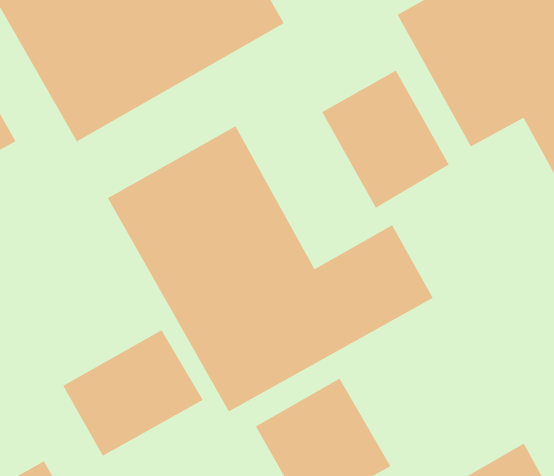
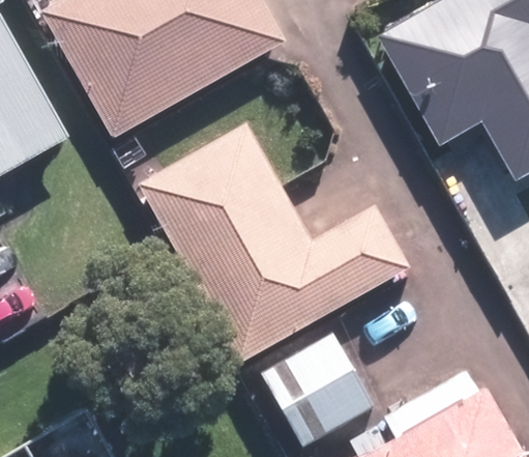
building: [321,69,450,209] -> none
building: [62,329,204,457] -> none

